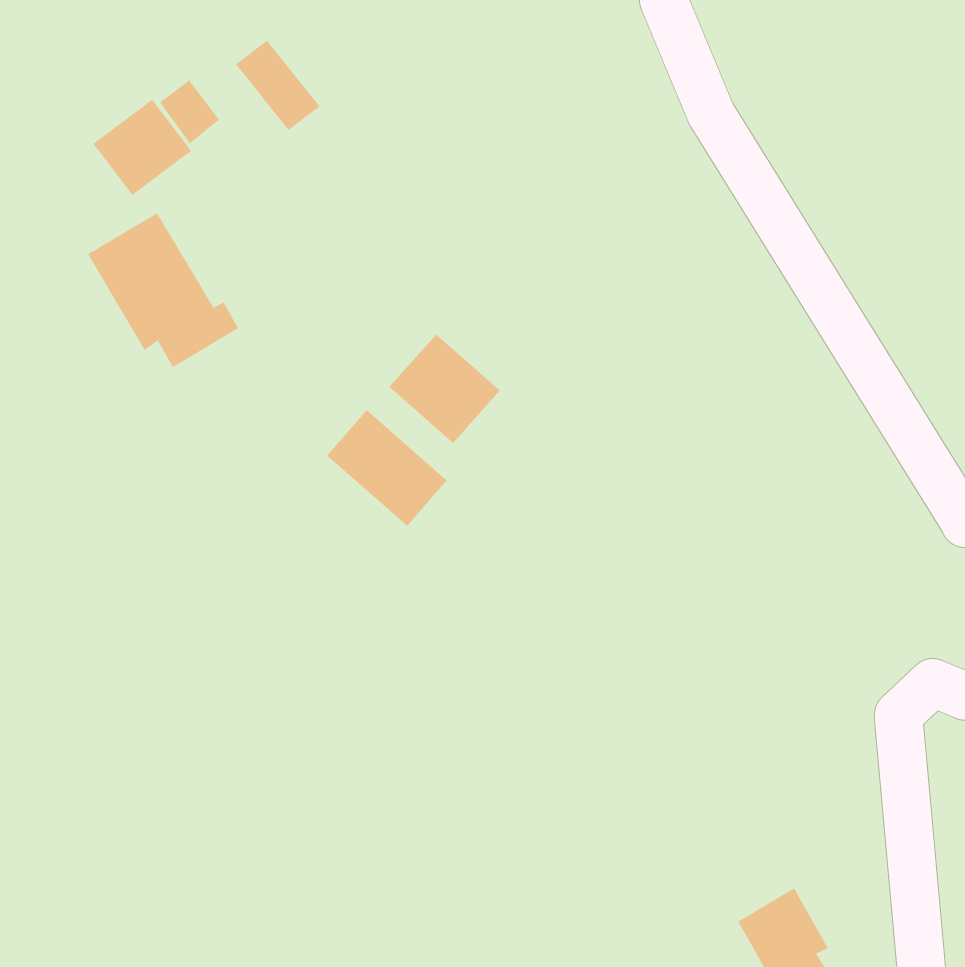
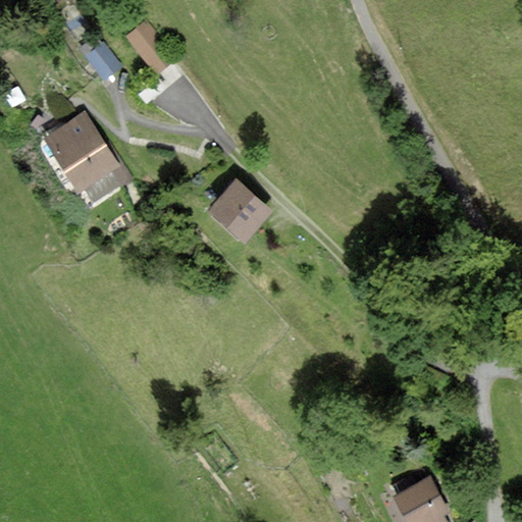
building: [93,99,192,196] -> none
building: [326,409,447,527] -> none

